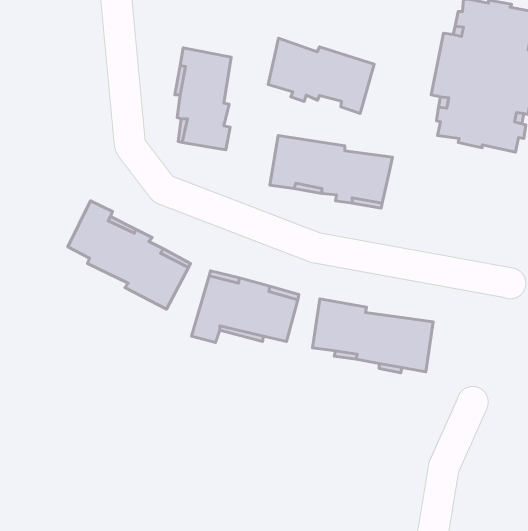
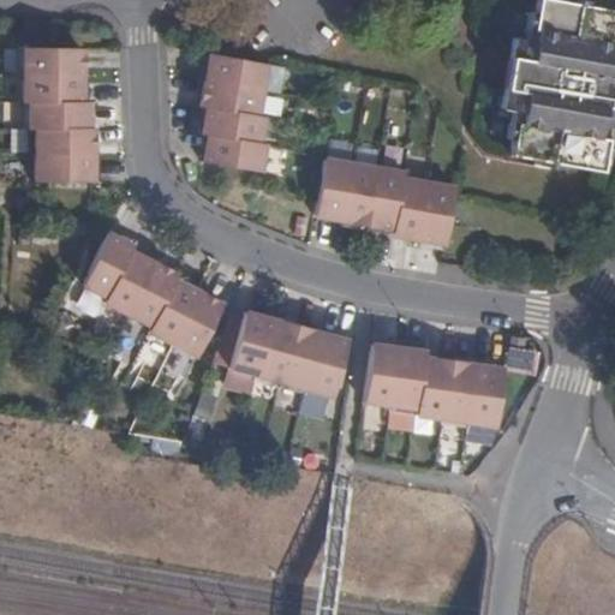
building: none -> [29,43,97,178]
building: [268,38,374,113] -> none

